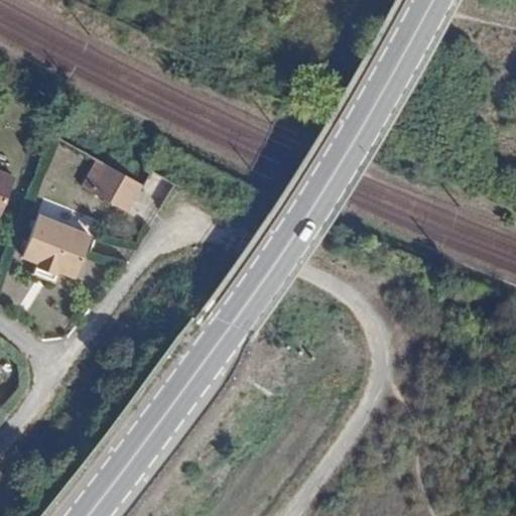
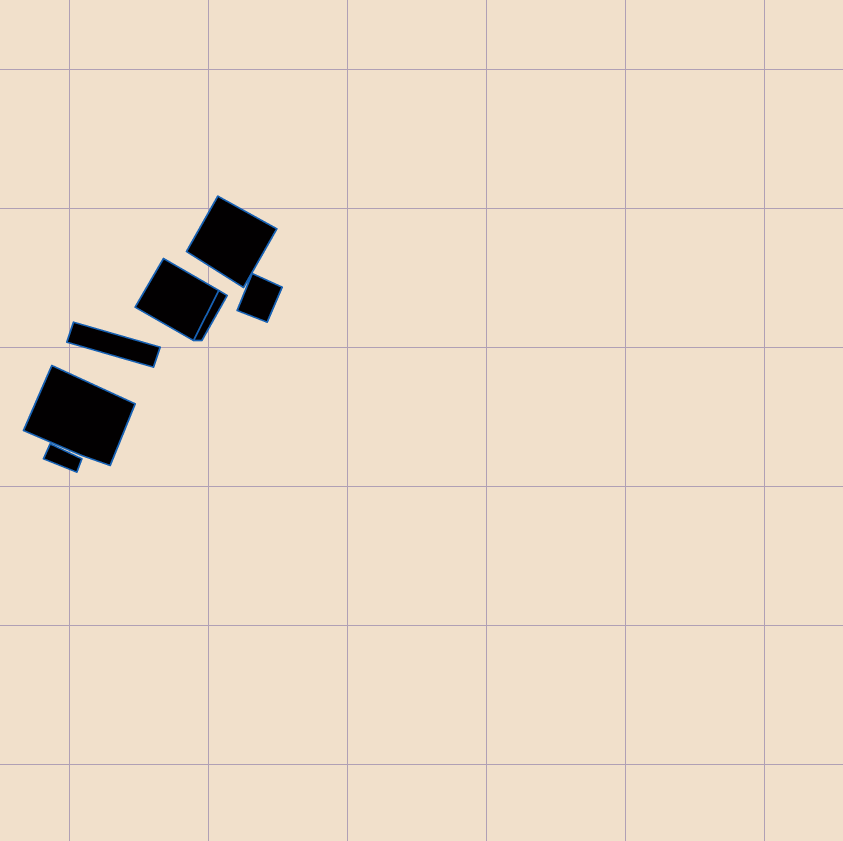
building: none -> [186,196,277,287]

